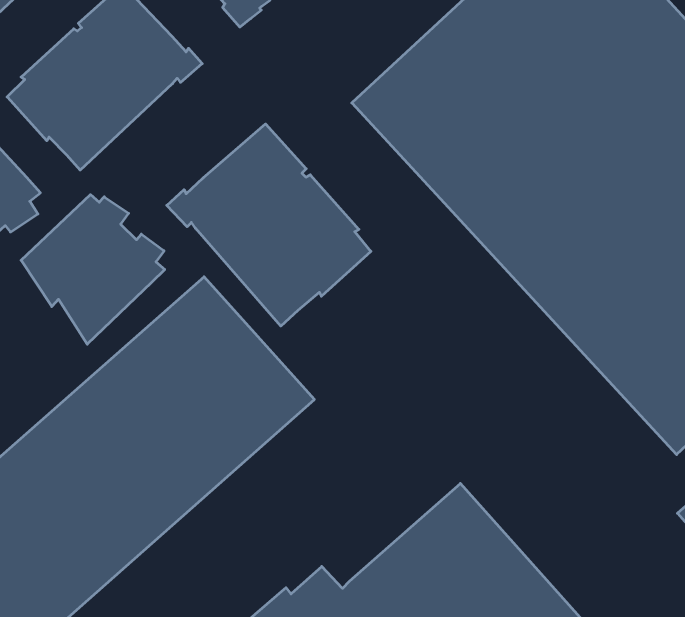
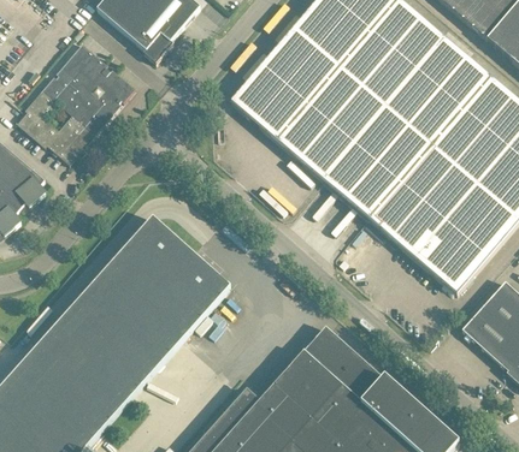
building: [167,124,371,326] -> none
building: [21,195,165,344] -> none

